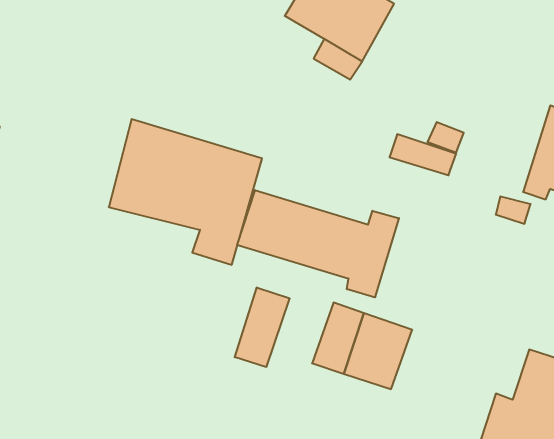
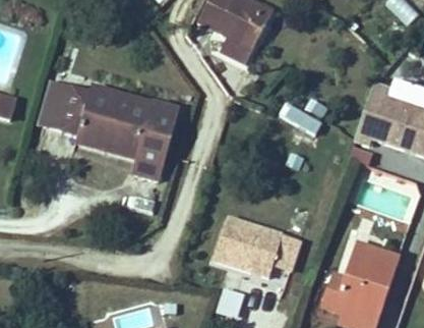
building: none -> [35,75,98,148]
building: [237,190,399,297] -> none
building: [235,287,290,367] -> none

